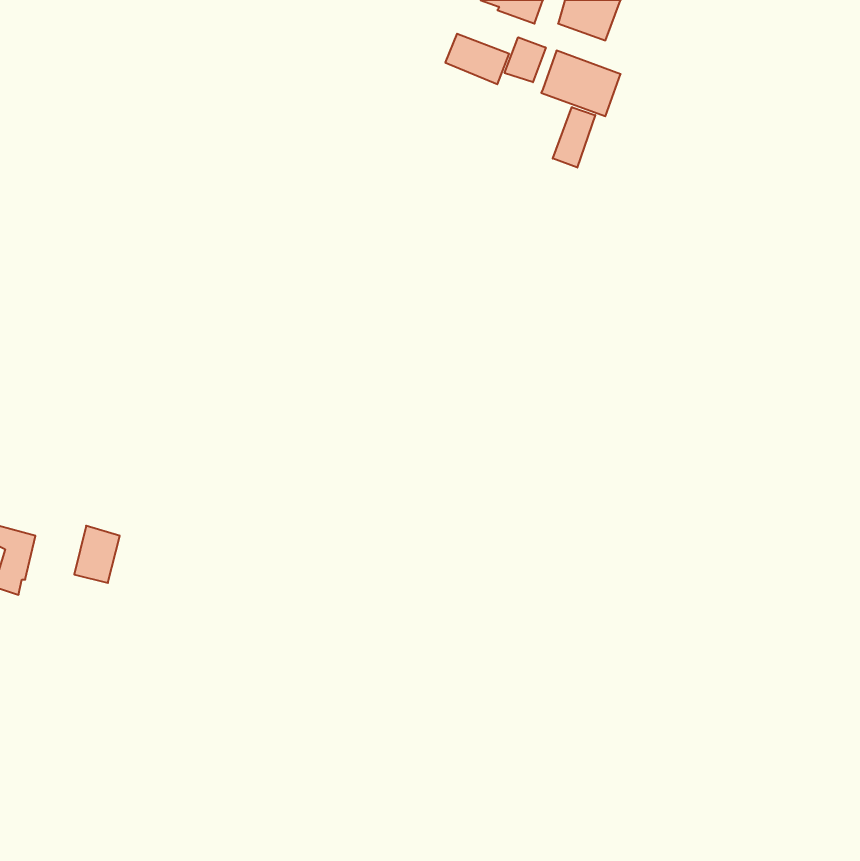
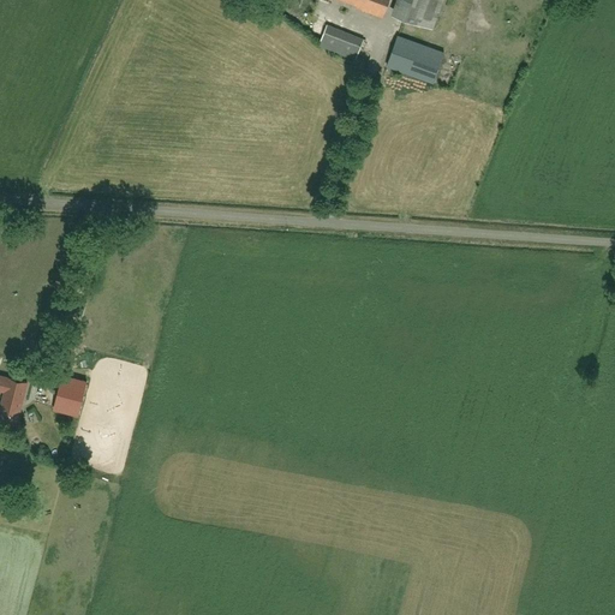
building: [505,37,546,82] -> none
building: [553,107,595,168] -> none

